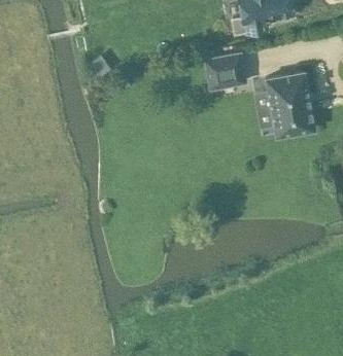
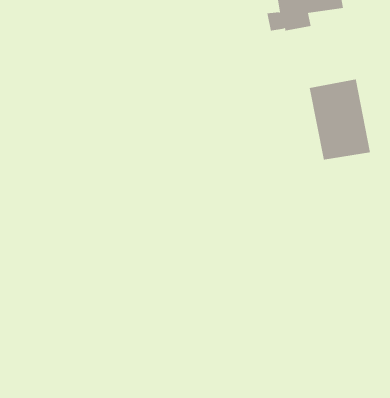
building: [204,52,245,88] -> none

